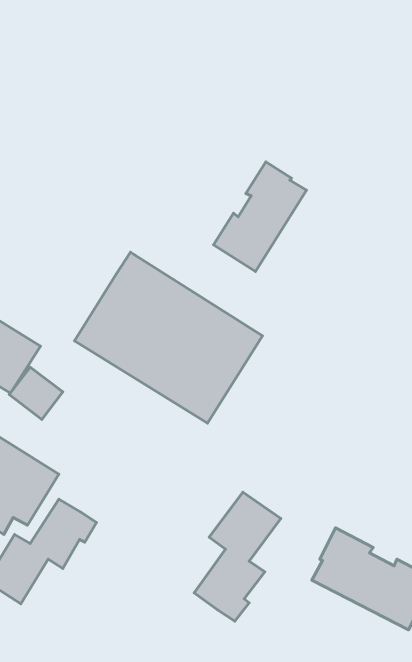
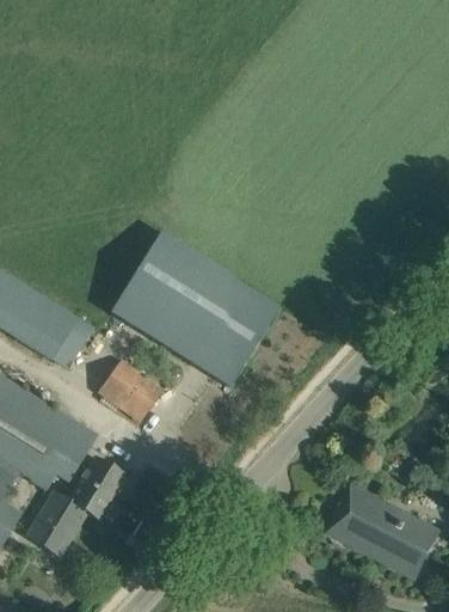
building: [214,162,306,271] -> none
building: none -> [99,360,162,420]
building: [194,492,281,621] -> none

